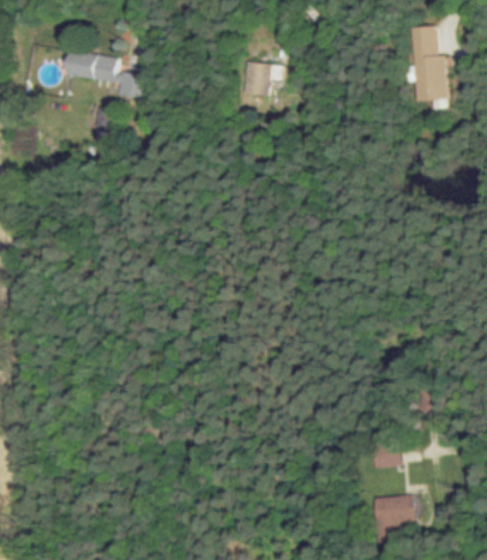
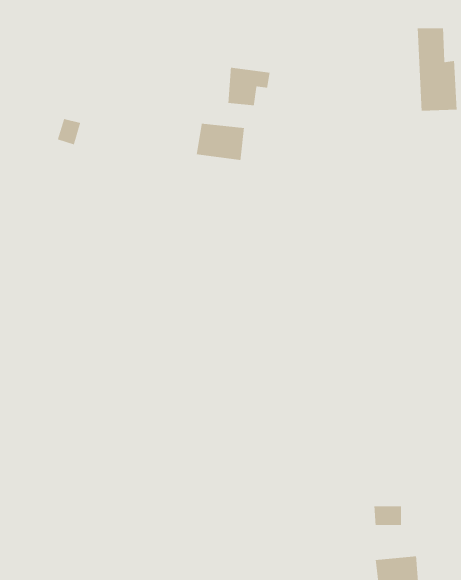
building: [64,50,143,98] -> none
building: none -> [196,123,245,161]

